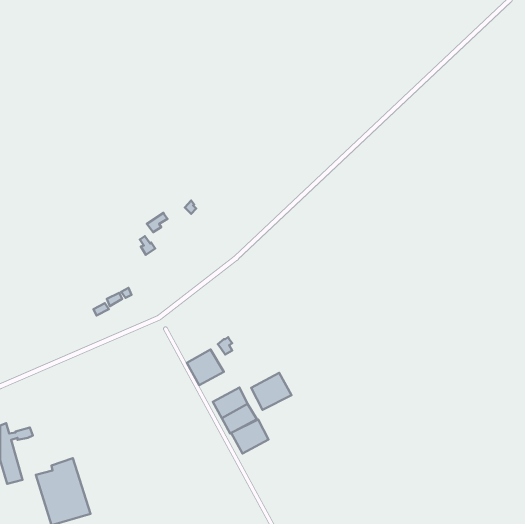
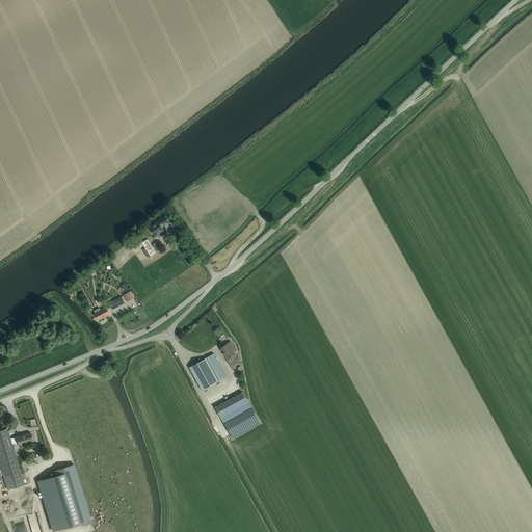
building: [251,373,291,410] -> none
building: [231,419,268,454] -> none

